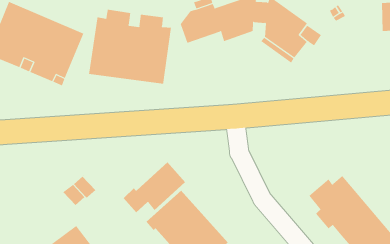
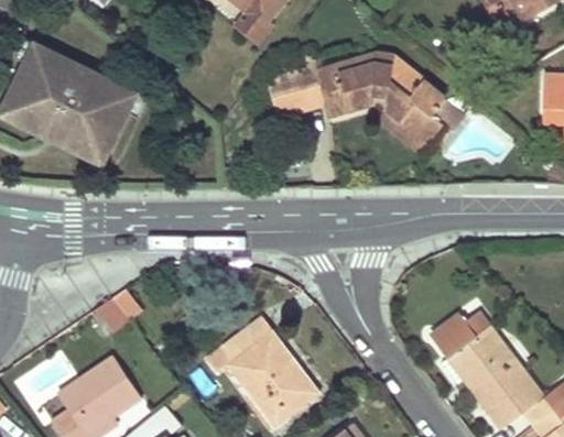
building: [89,9,172,84] -> none
building: [123,161,186,213] -> none

